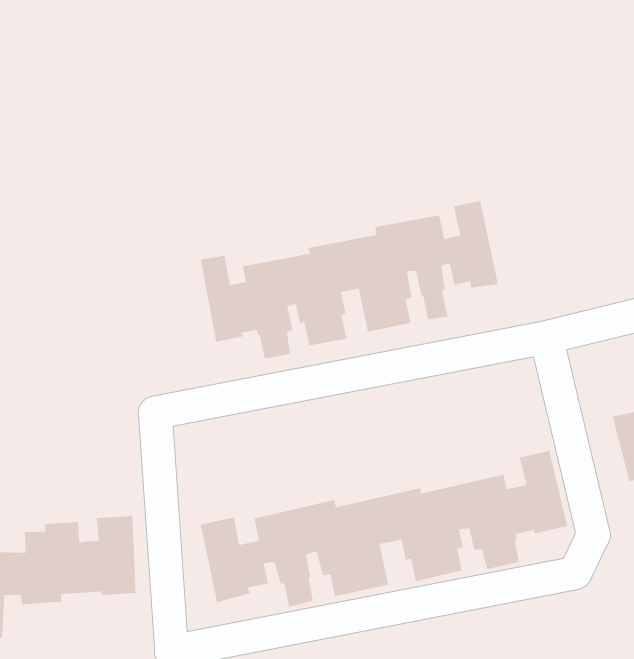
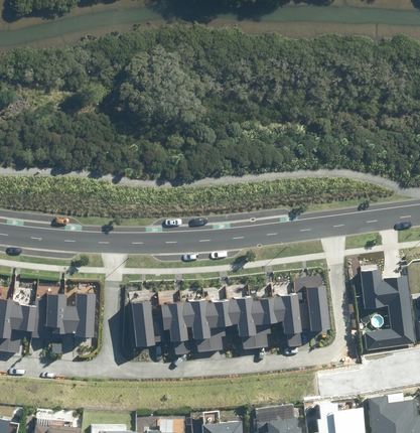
building: [200,200,499,360] -> none

